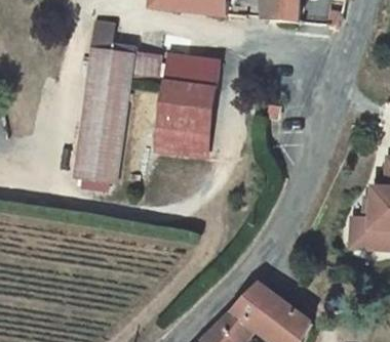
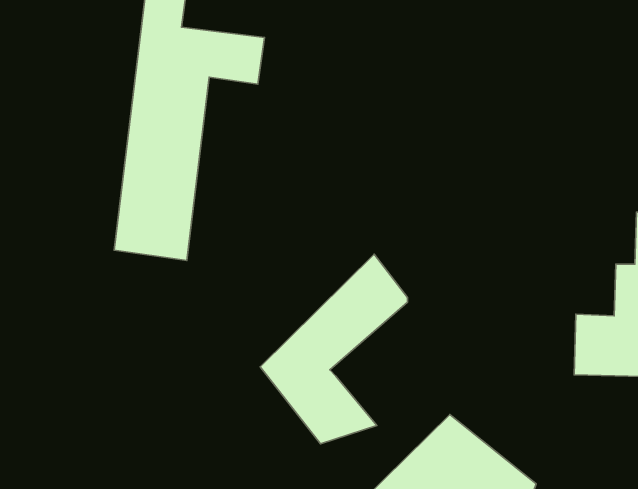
building: [152,51,220,158] -> none
building: none -> [260,254,407,444]

